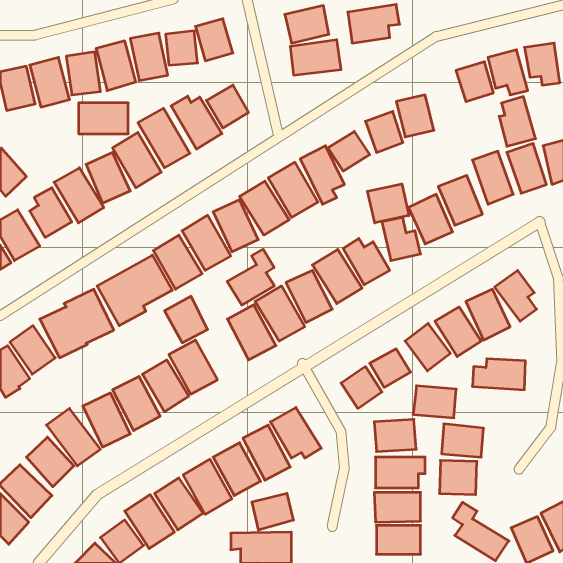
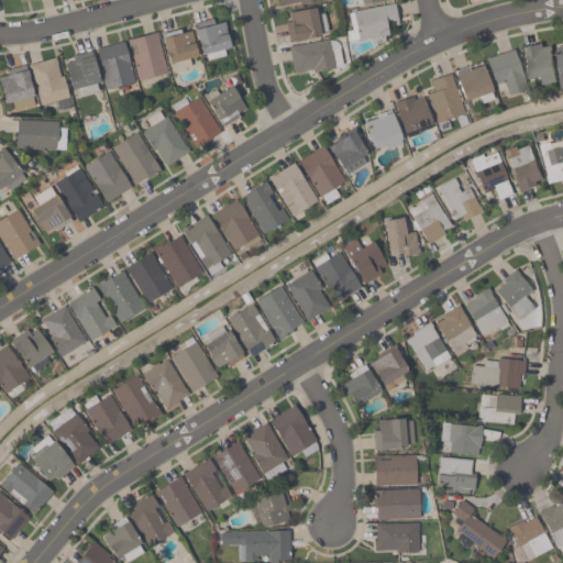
building: [499,97,536,146] -> [429,74,465,123]
building: [79,103,128,134] -> [16,120,66,151]
building: [367,184,409,223] -> none
building: [227,249,274,305] -> none
building: [165,296,208,343] -> [201,325,244,372]
building: [413,386,456,418] -> [478,393,521,424]

